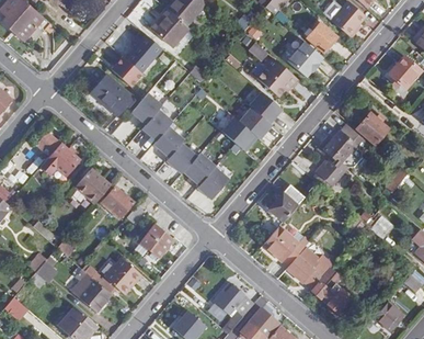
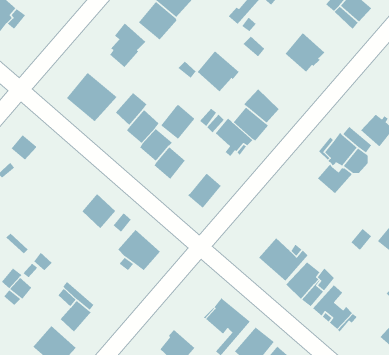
building: [307,22,337,52] -> none
building: [111,56,142,87] -> none
building: [257,58,297,97] -> [197,50,240,92]
building: [41,144,81,177] -> none
building: [183,152,215,185] -> [160,104,195,140]
building: [73,171,111,206] -> none
building: [267,183,303,222] -> none
building: [103,256,140,291] -> none

